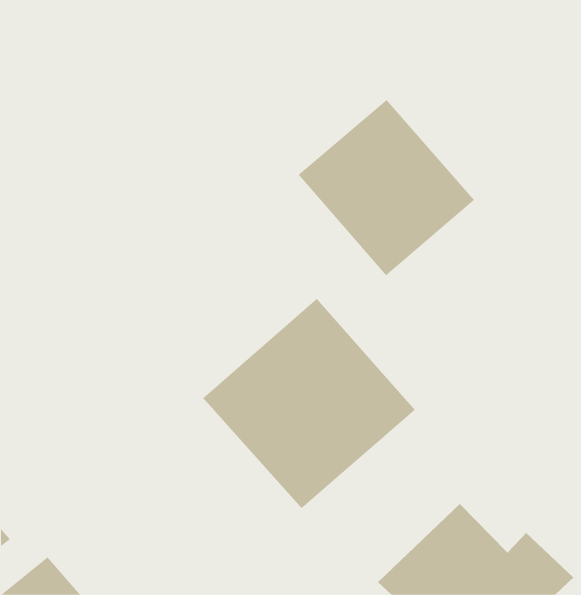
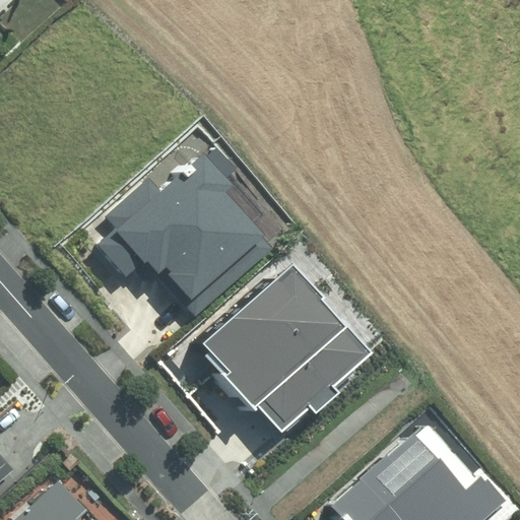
building: [298,99,475,276] -> none
building: none -> [94,152,281,319]

